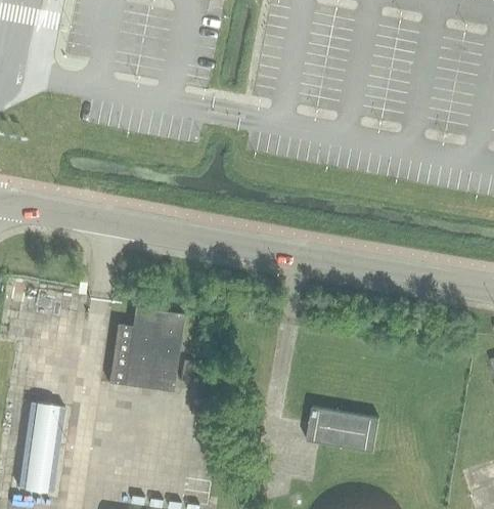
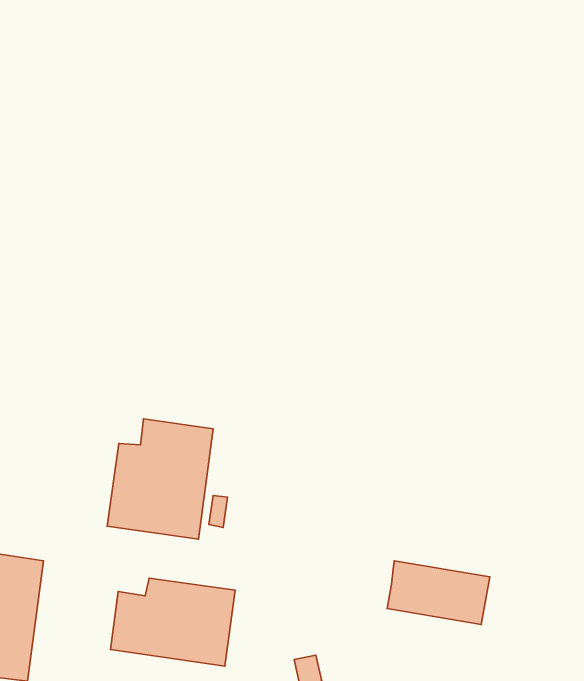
building: none -> [110,578,235,666]

